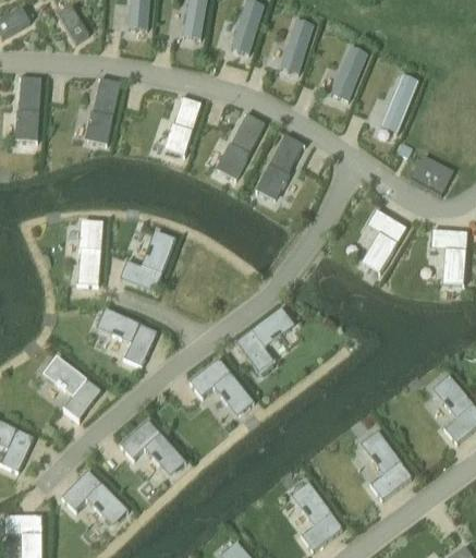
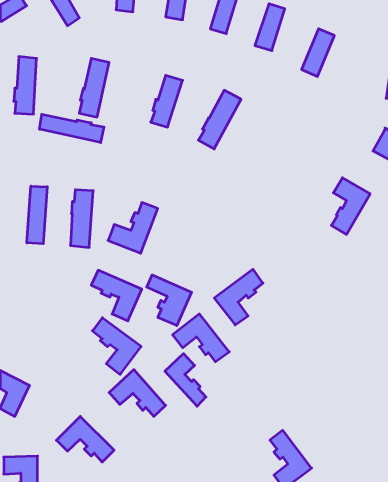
building: [381,75,418,132] -> none
building: [256,134,302,198] -> none
building: none -> [40,114,104,143]
building: none -> [27,186,47,244]
building: none -> [147,275,192,326]
building: [48,359,101,421] -> [92,318,141,374]
building: none -> [165,354,206,406]
building: [365,434,411,499] -> none

